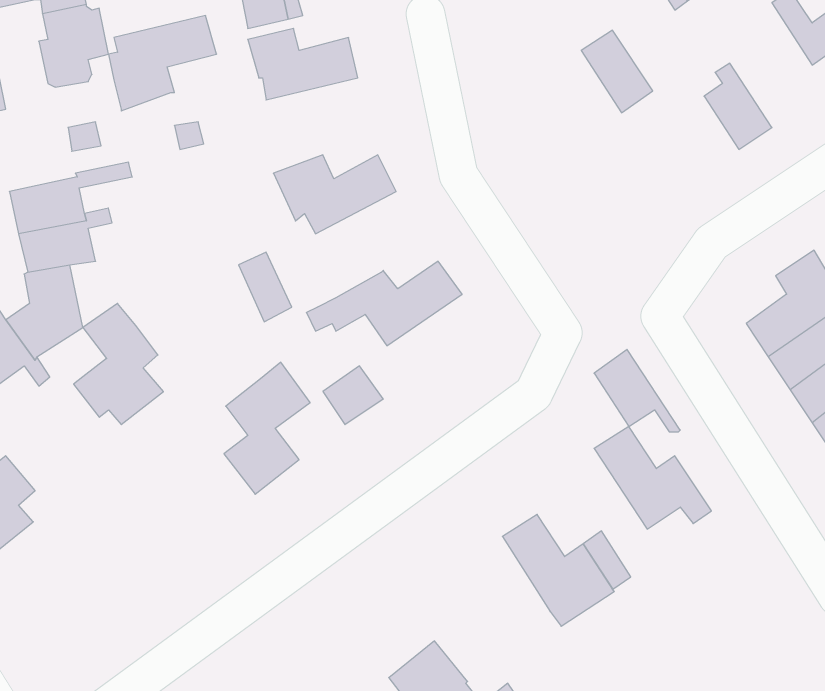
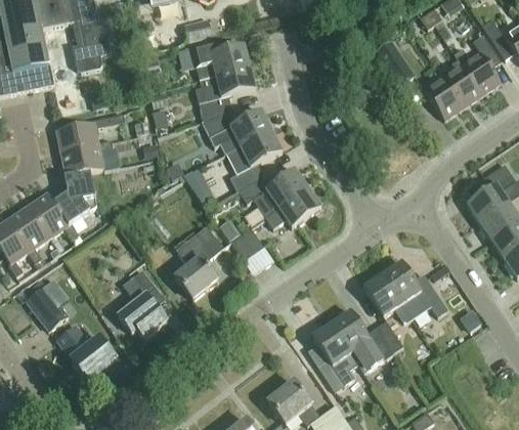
building: [108,16,217,111] -> [196,67,256,120]
building: none -> [453,34,501,94]
building: none -> [424,77,463,120]
building: none -> [226,130,282,189]
building: none -> [266,187,320,226]
building: [74,303,163,425] -> [117,270,167,338]
building: [594,349,680,432] -> [363,273,412,319]
building: none -> [312,322,357,391]
building: none -> [56,324,116,381]

